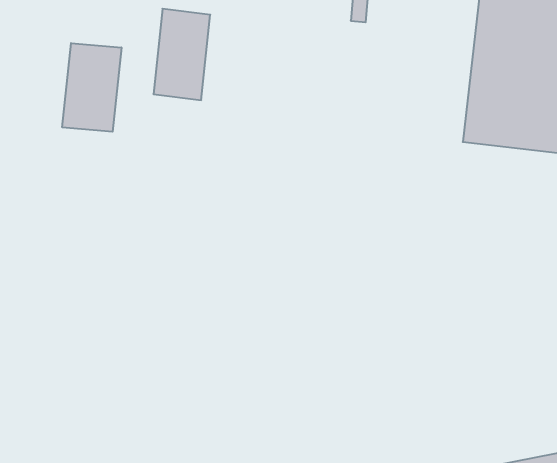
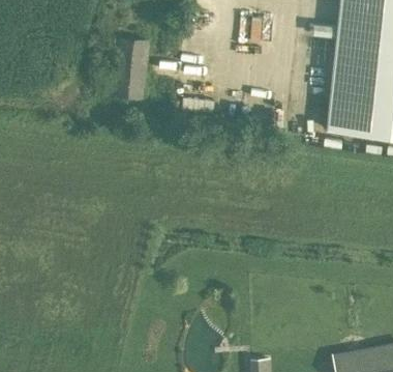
building: [62,43,121,132] -> none

